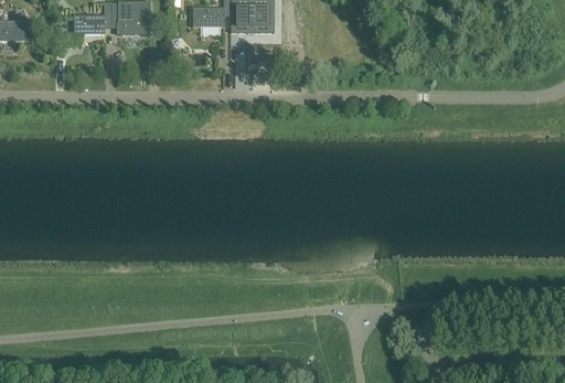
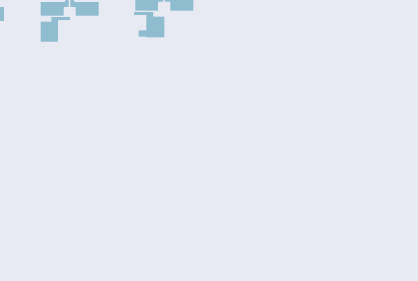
building: none -> [134,11,165,38]
building: none -> [40,16,71,42]

